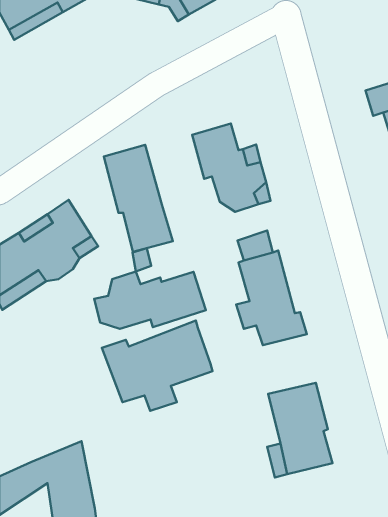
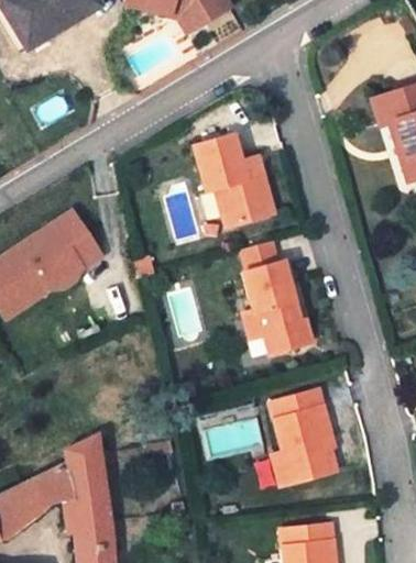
building: [104,145,173,252] -> none
building: [94,271,206,329] -> none
building: [102,321,212,411] -> none

